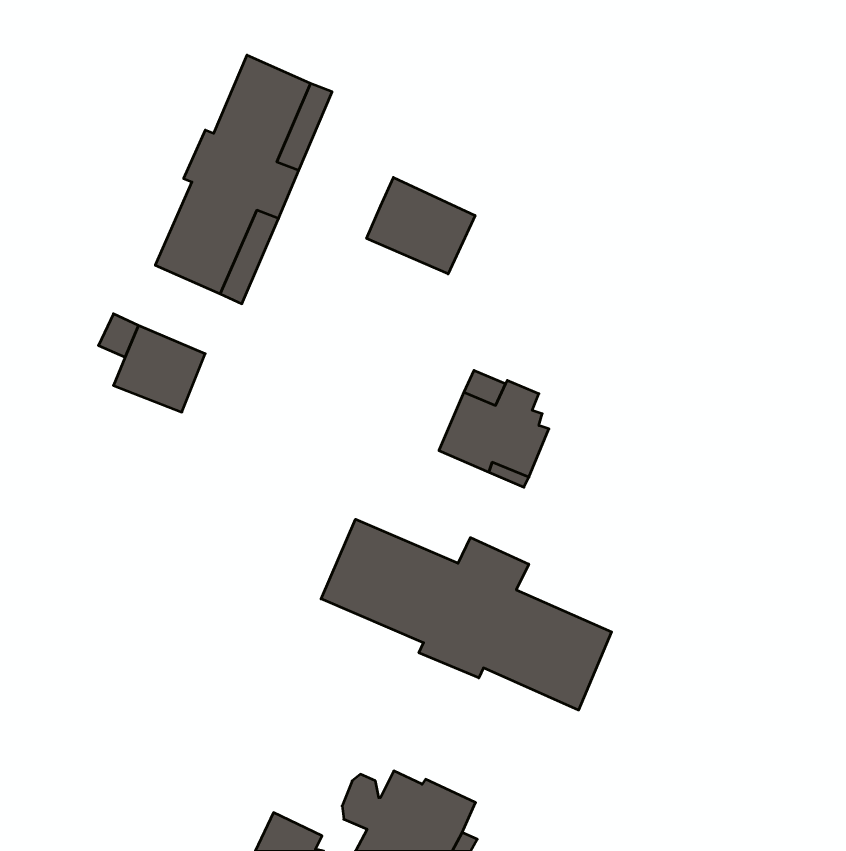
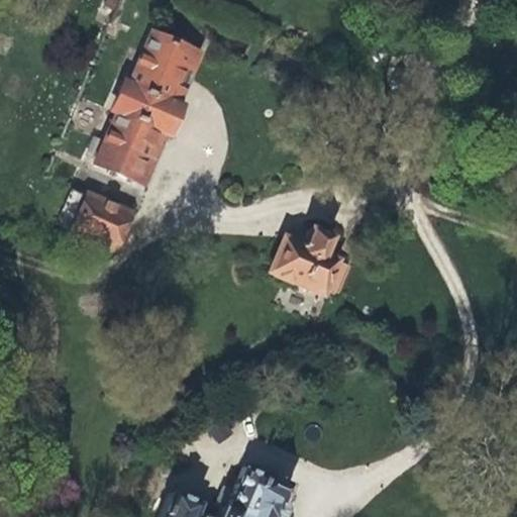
building: [367,177,475,274] -> none
building: [321,519,612,710] -> none

